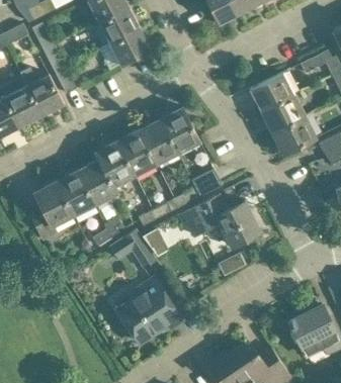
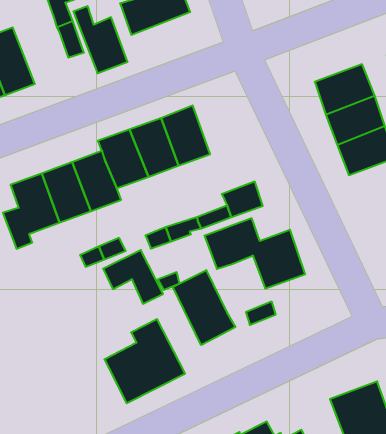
building: [19,68,64,116] -> [73,6,128,73]
building: [161,108,199,153] -> none
building: none -> [173,270,235,345]

